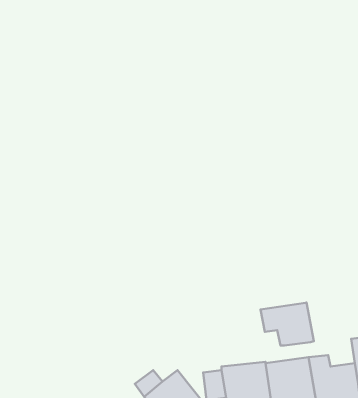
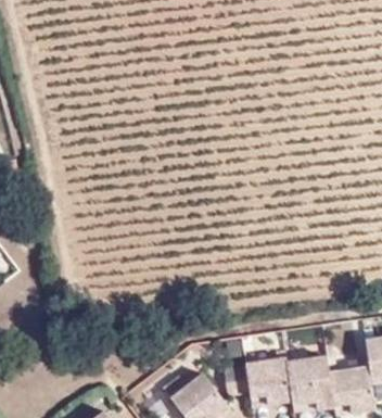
building: [260,303,314,345] -> none

